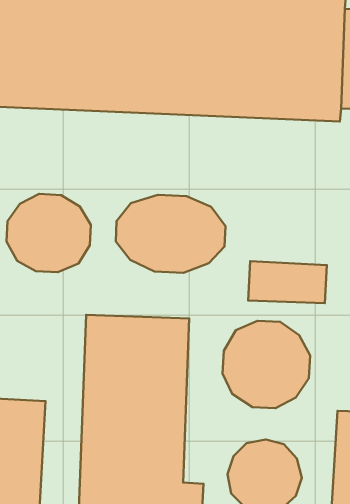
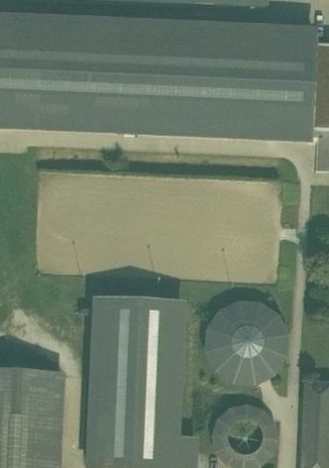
building: [7,194,91,272] -> none
building: [116,195,225,273] -> none
building: [248,261,327,303] -> none

